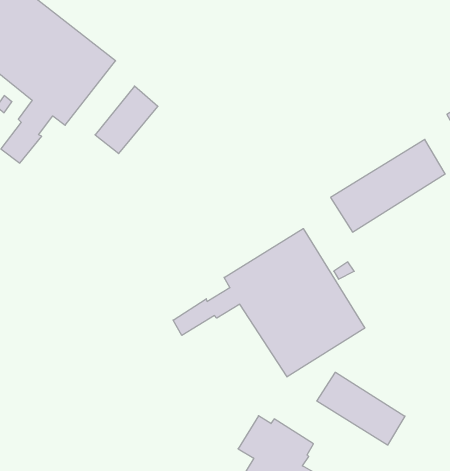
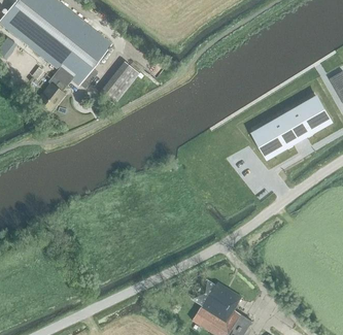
building: [173,229,365,377] -> none
building: [317,372,405,445] -> none

